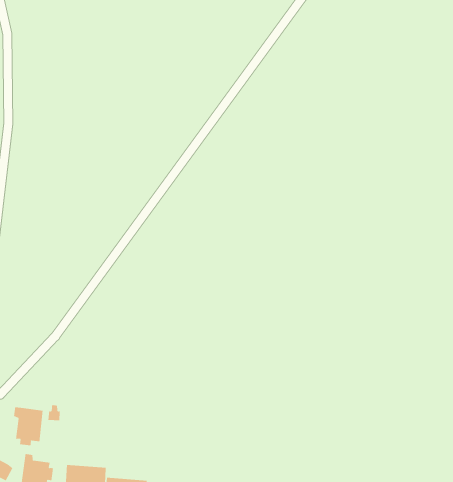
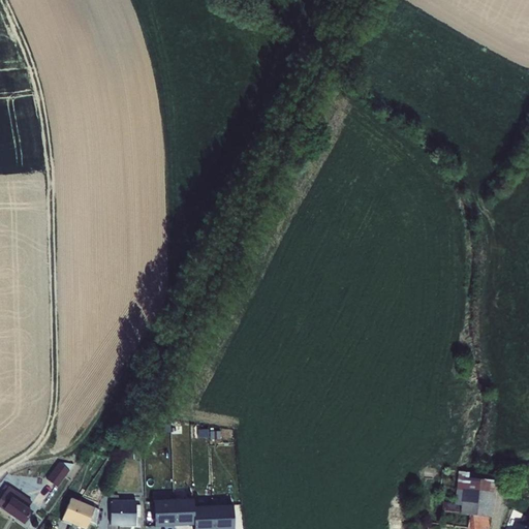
building: [14,406,43,446] -> none

